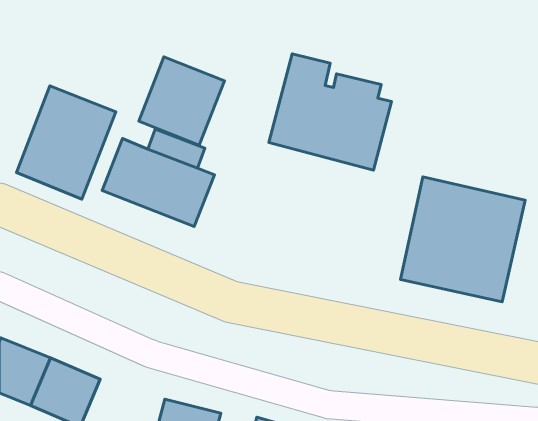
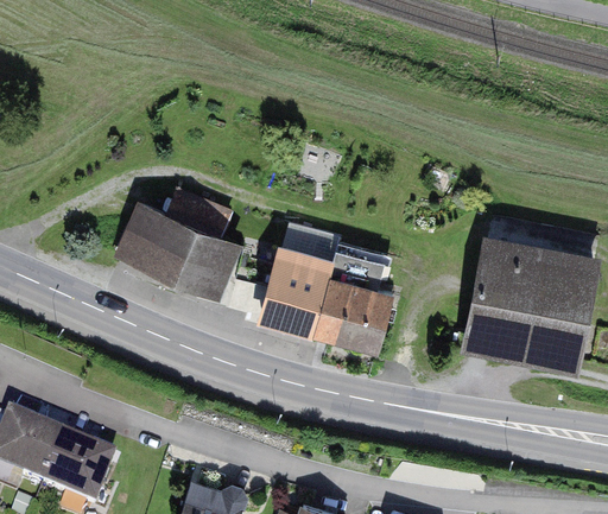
building: [269,54,392,170] -> [261,216,399,347]
building: [139,57,224,145] -> none
building: [16,86,116,199] -> none

